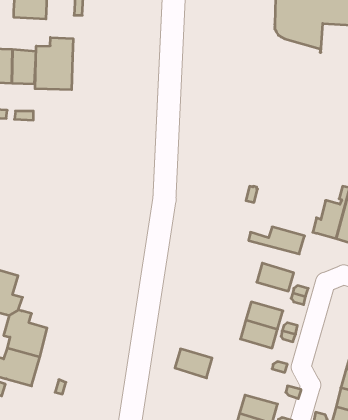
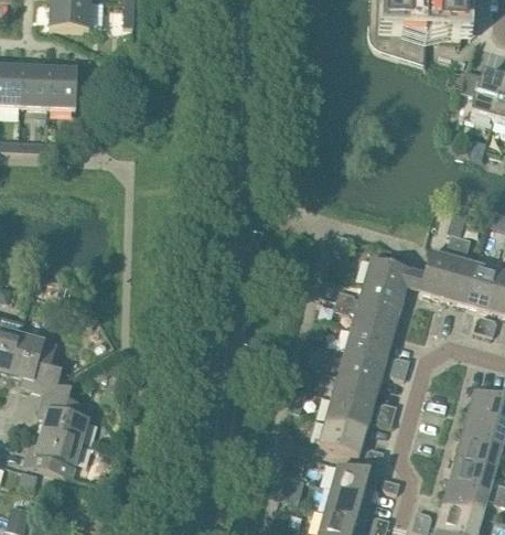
building: [35,37,73,90] -> none
building: none -> [365,258,419,293]
building: none -> [334,299,398,339]
building: none -> [340,350,385,385]
building: [175,349,212,378] -> [320,419,365,454]
building: none -> [332,463,378,499]

